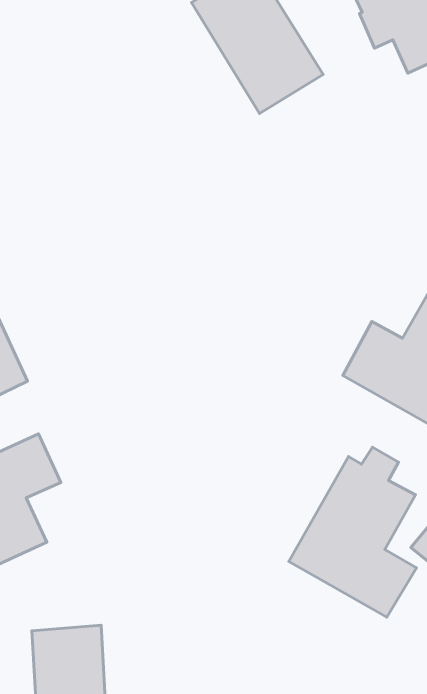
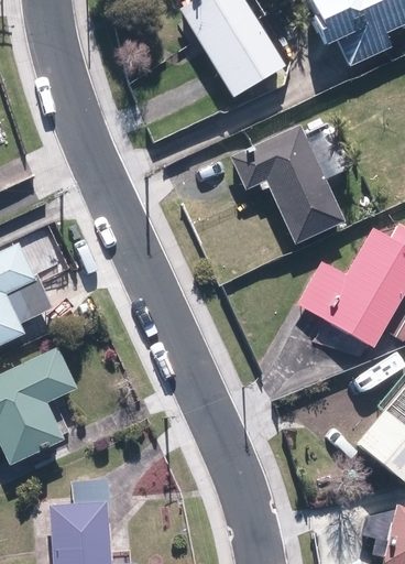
building: none -> [232,127,342,243]
building: [289,447,416,617] -> none

